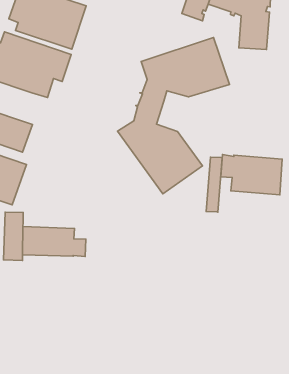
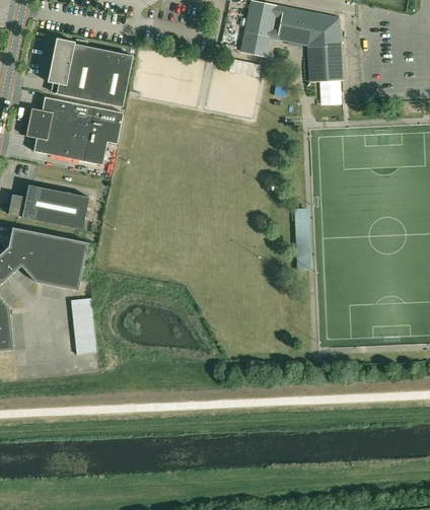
building: [117,38,230,194] -> none
building: [221,155,282,195] -> none
building: [22,227,86,257] -> none

